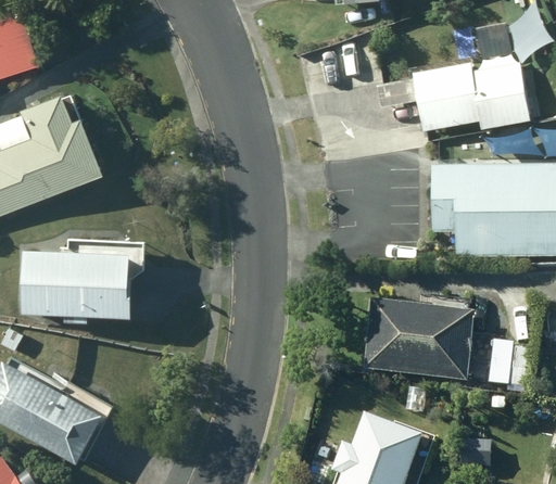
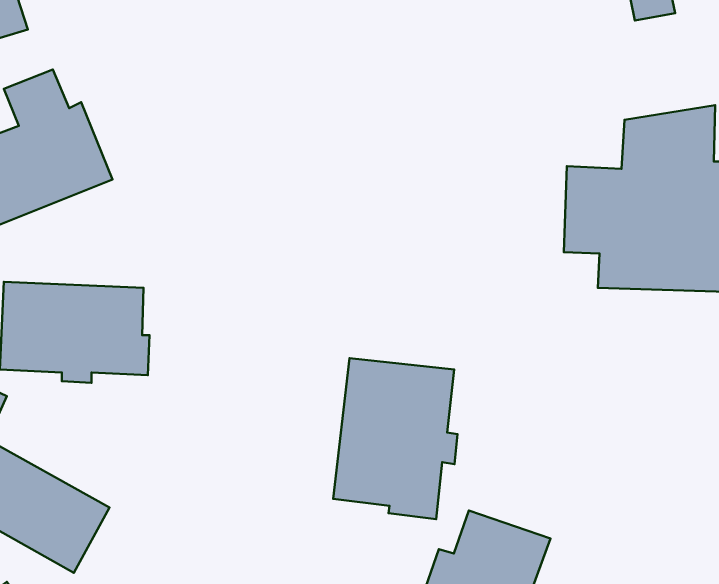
building: [377,60,532,131] -> none
building: [364,302,535,390] -> none
building: none -> [333,358,458,519]

